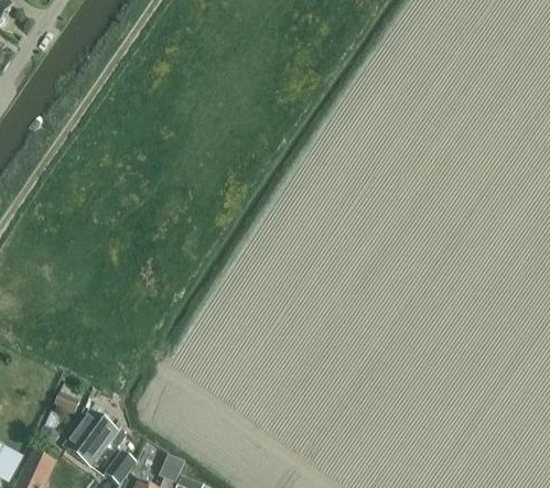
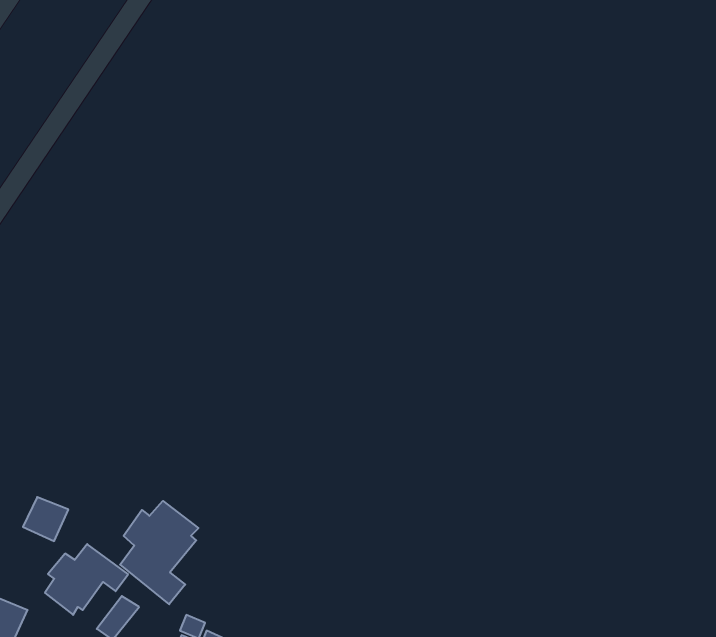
building: none -> [120,501,198,604]

